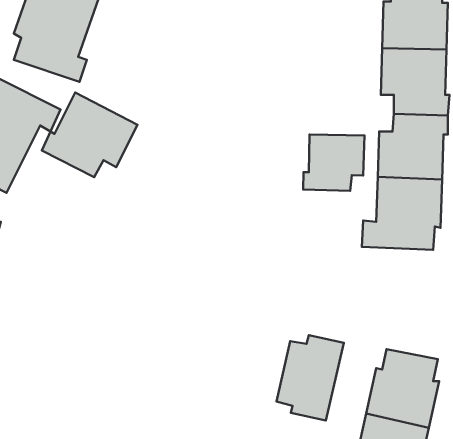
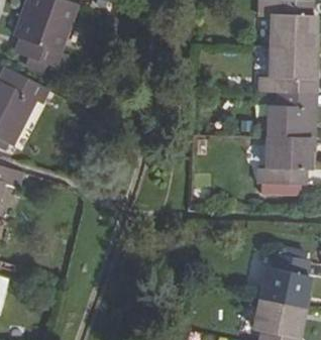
building: [42,93,138,177] -> none
building: [303,135,364,191] -> none
building: [276,335,344,421] -> none

